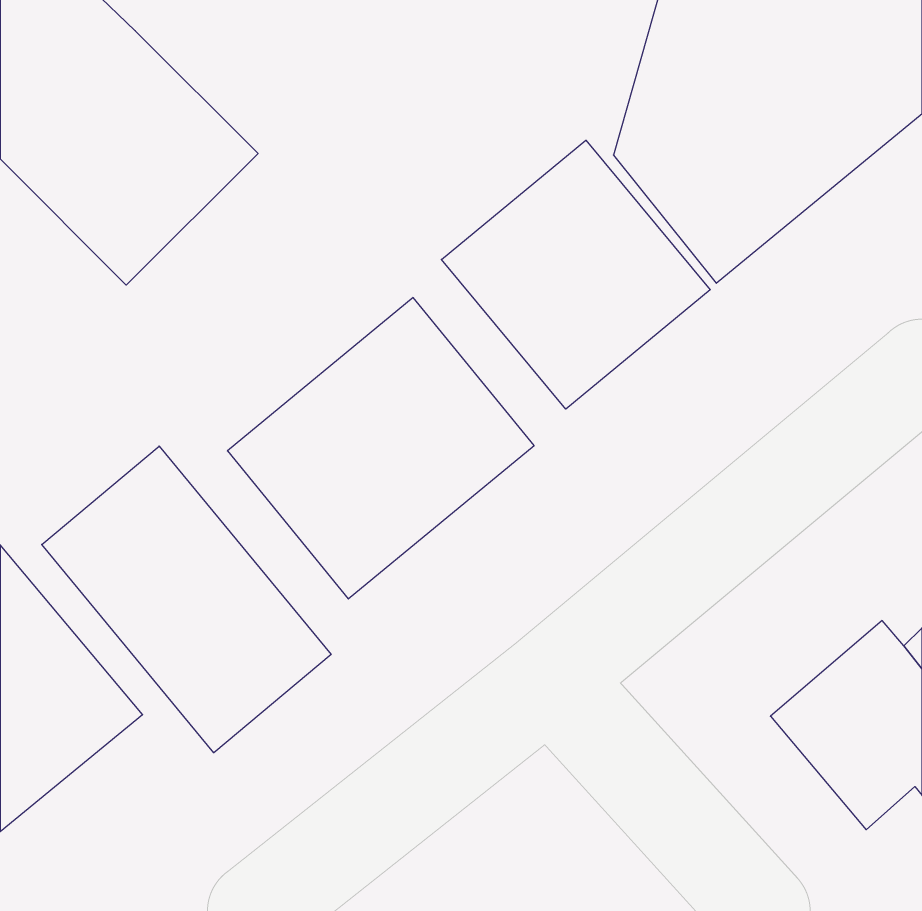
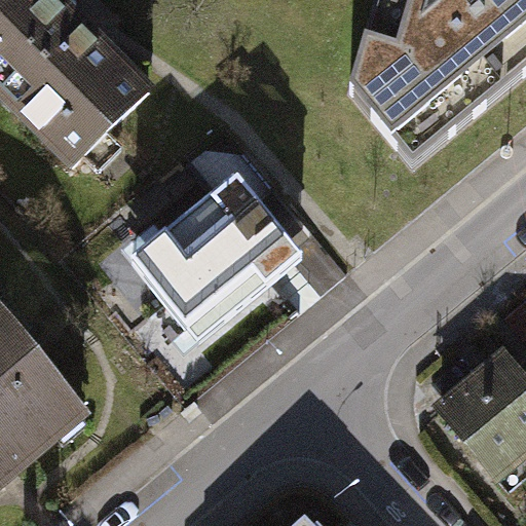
building: [441,140,710,409] -> none
building: [42,446,331,753] -> none

